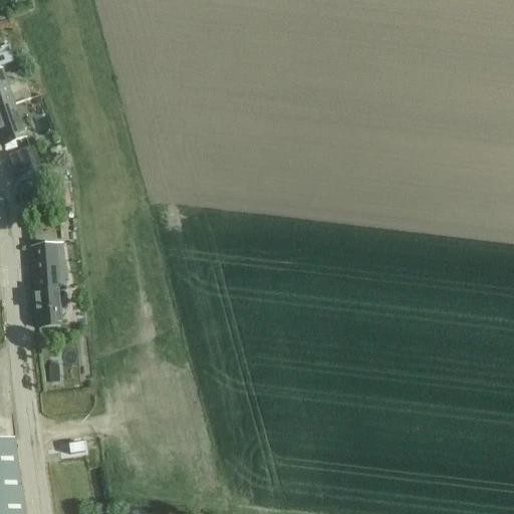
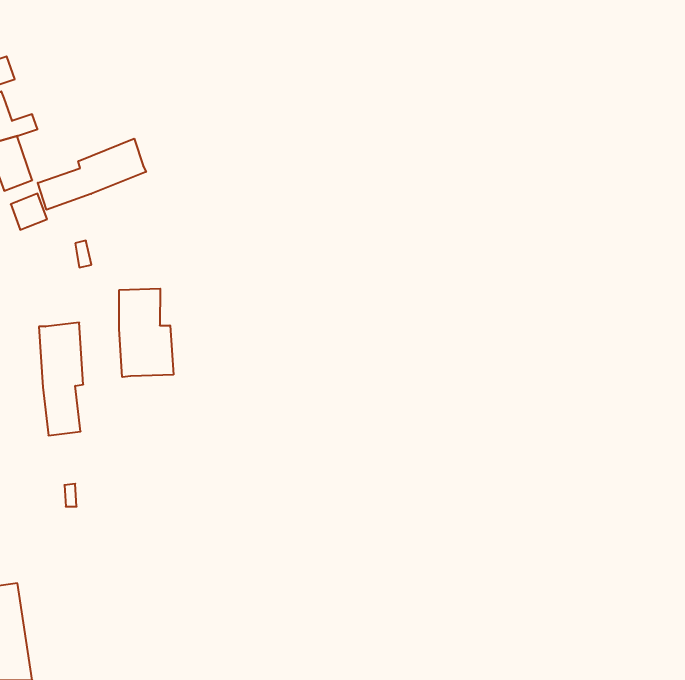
building: none -> [38,139,146,210]
building: none -> [119,289,173,377]

